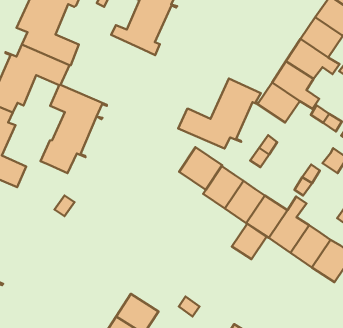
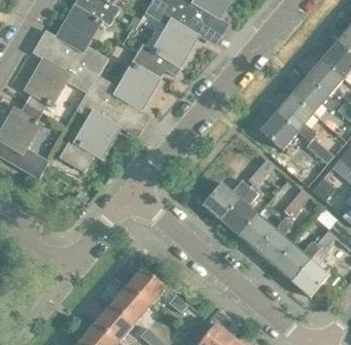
building: [178,79,261,148] -> [86,53,164,114]
building: [179,147,222,190] -> none
building: [232,224,267,259] -> none
building: none -> [127,267,166,304]

